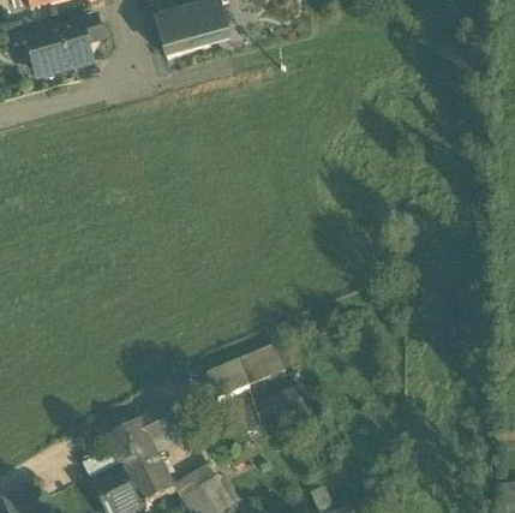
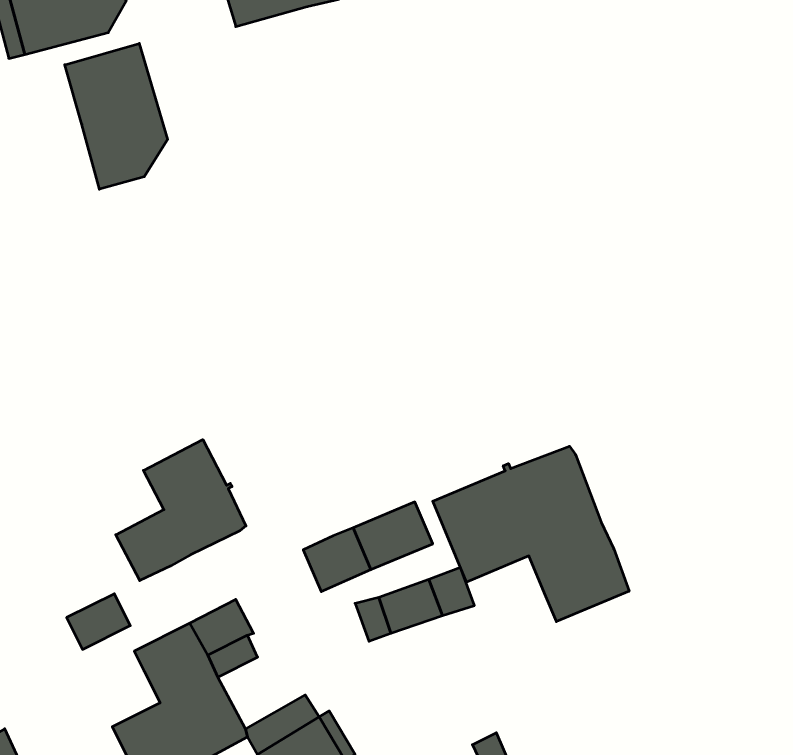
building: none -> [65,43,168,189]
building: none -> [116,440,246,581]
building: none -> [433,446,629,622]
building: [84,447,122,481] -> [67,594,130,649]

